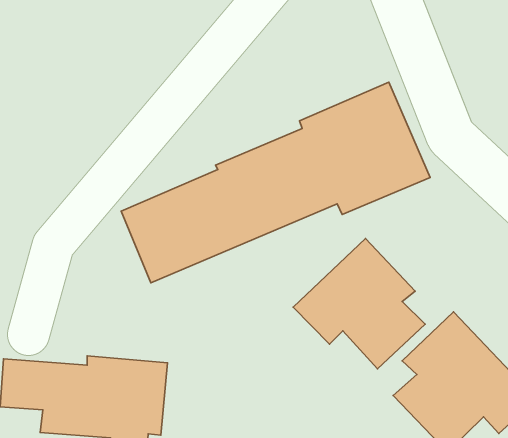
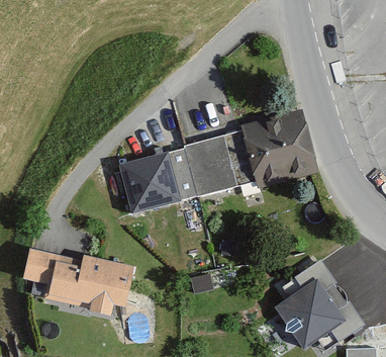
building: [293,239,425,369] -> none

